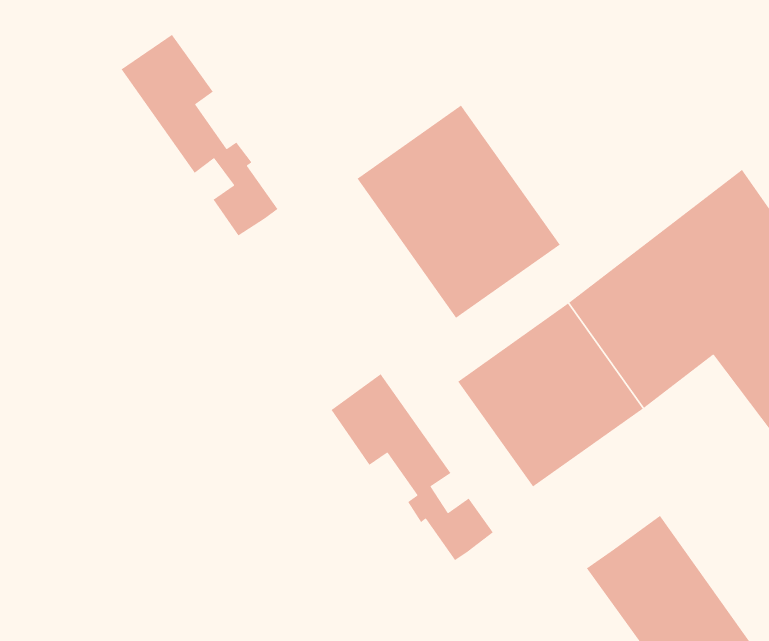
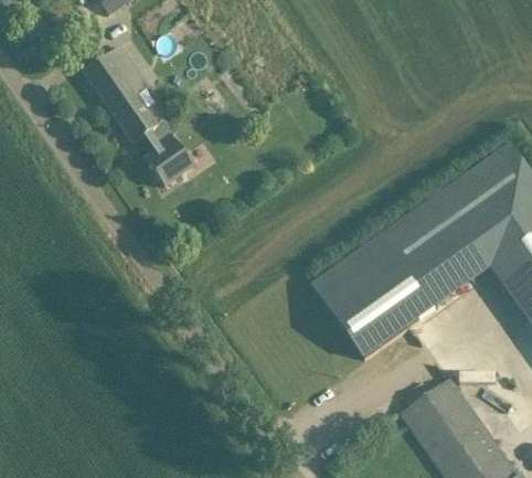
building: [356,105,561,319] -> none
building: [330,373,494,561] -> none

